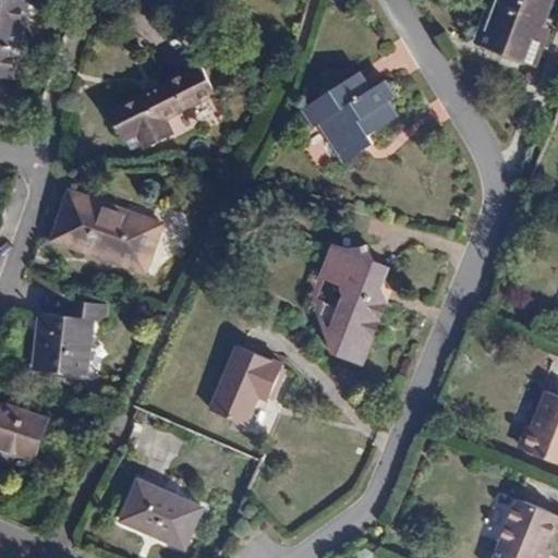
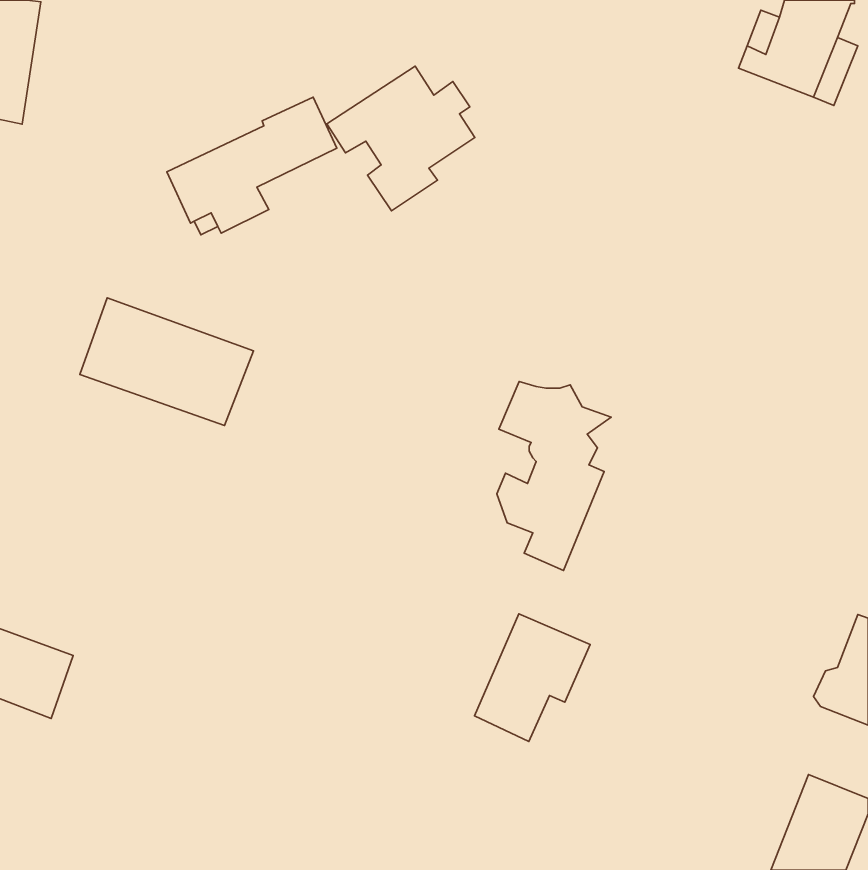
building: [302,72,397,165] -> [327,66,475,211]
building: [33,301,105,375] -> none
building: [208,344,282,426] -> [475,614,590,741]
building: [119,478,202,549] -> none

